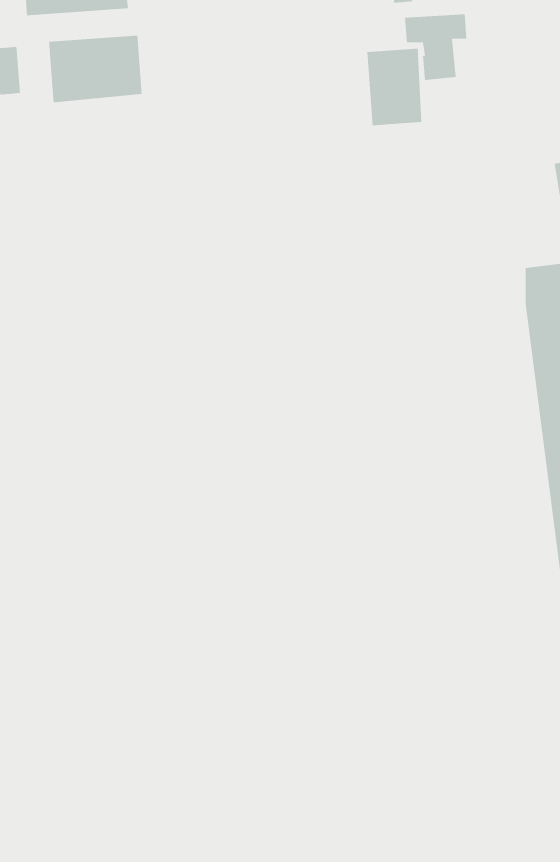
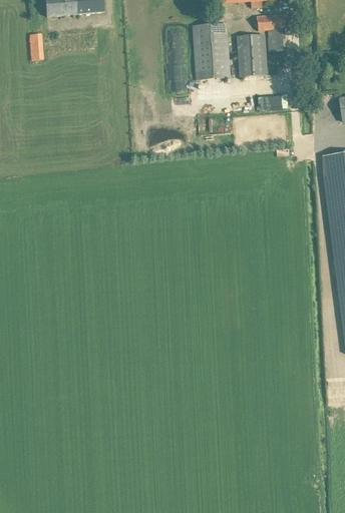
building: none -> [193,25,230,80]
building: [48,35,142,103] -> none

